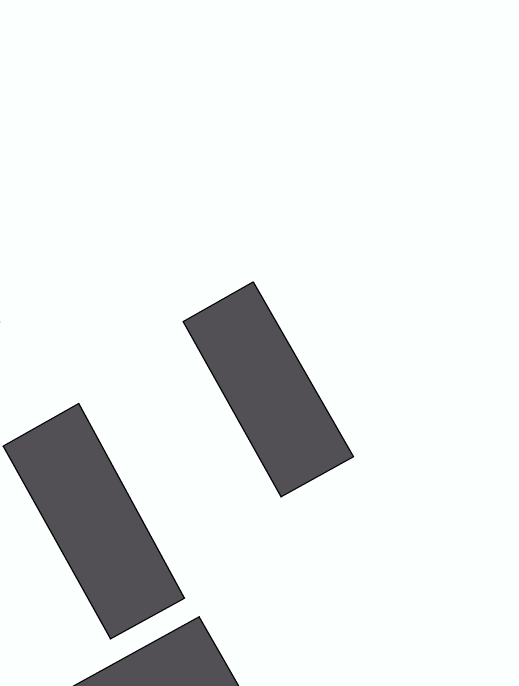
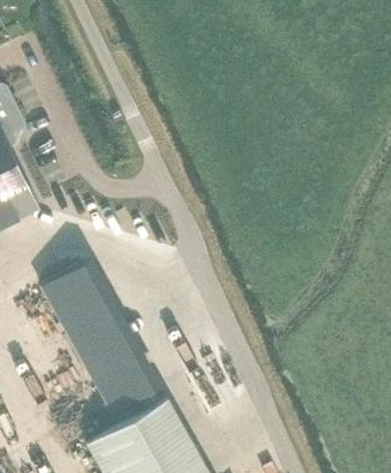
building: [183,282,353,497] -> none

